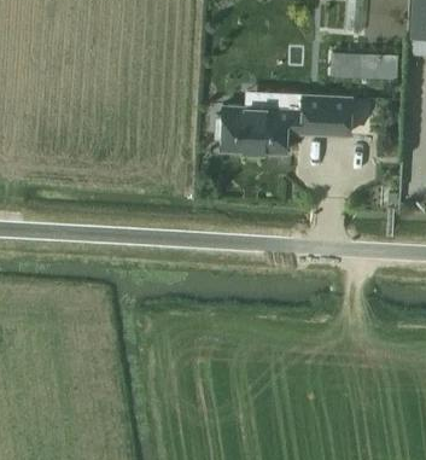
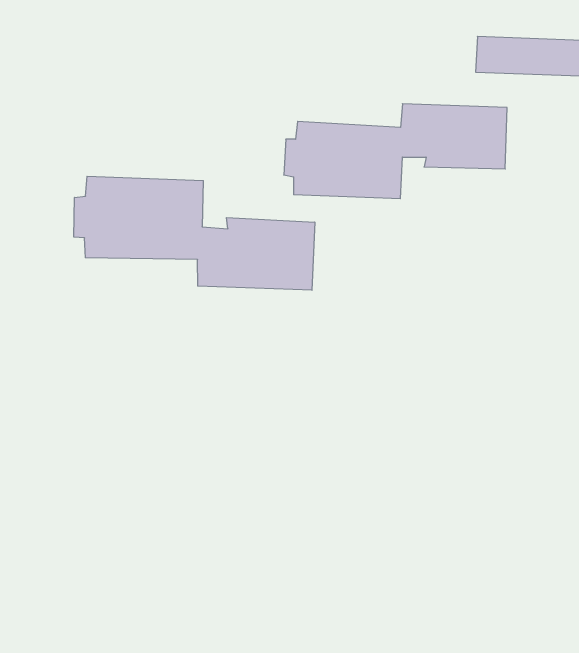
building: none -> [74,176,315,290]

